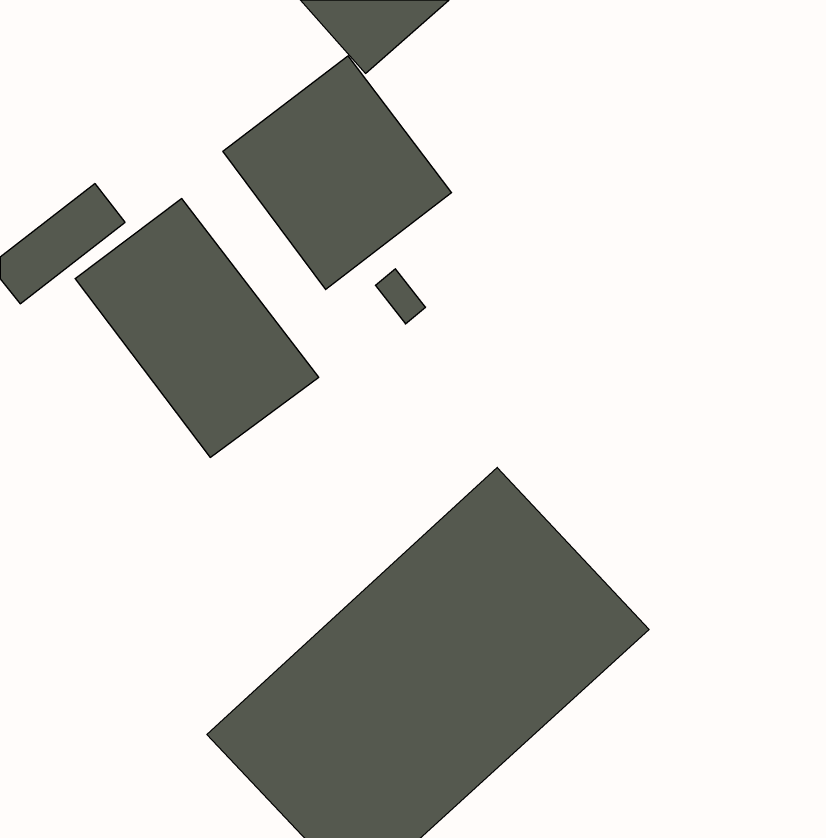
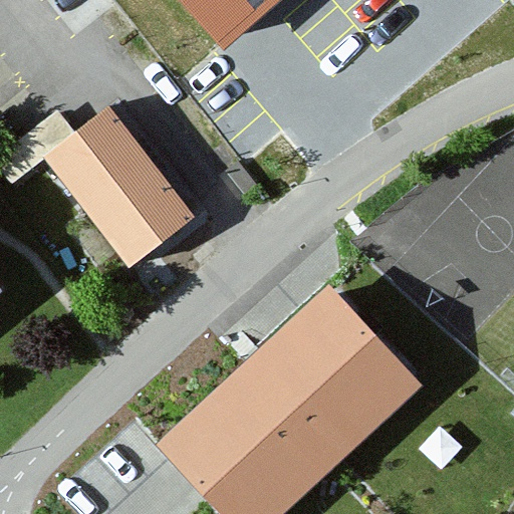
building: [223,56,452,290] -> none

